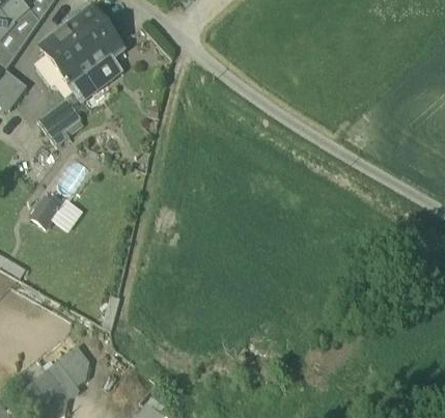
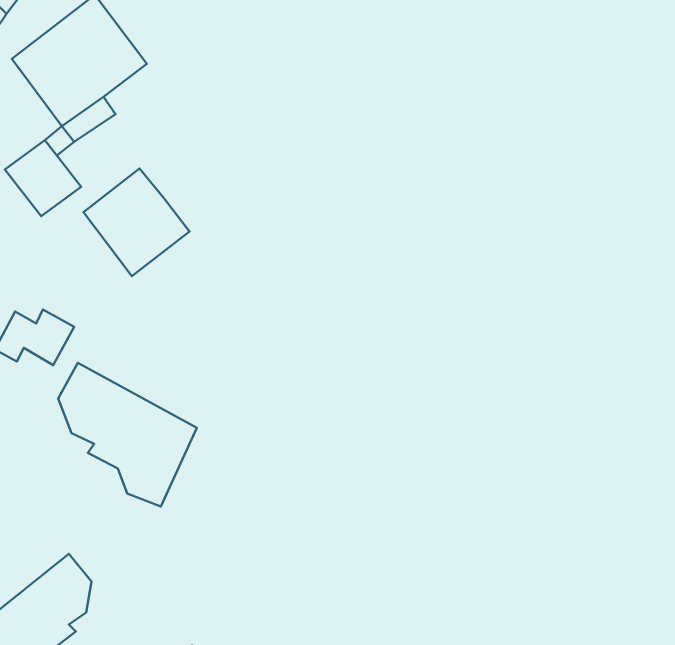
building: none -> [84,168,190,276]
building: none -> [58,363,197,507]

